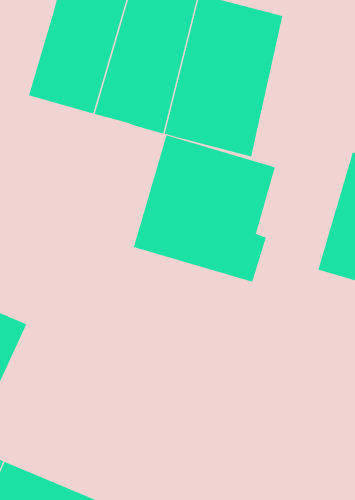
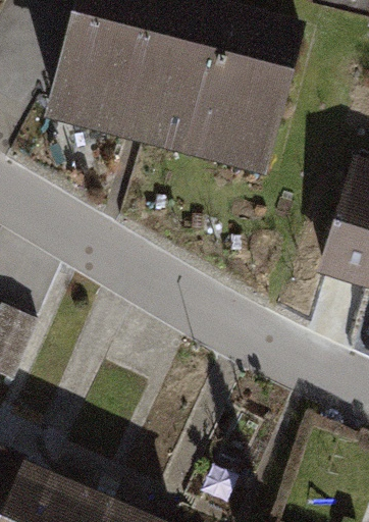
building: [133,135,276,282] -> none

